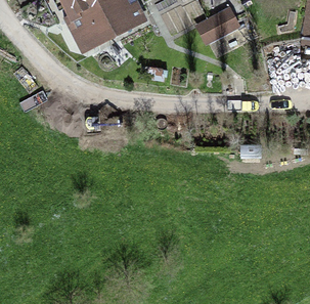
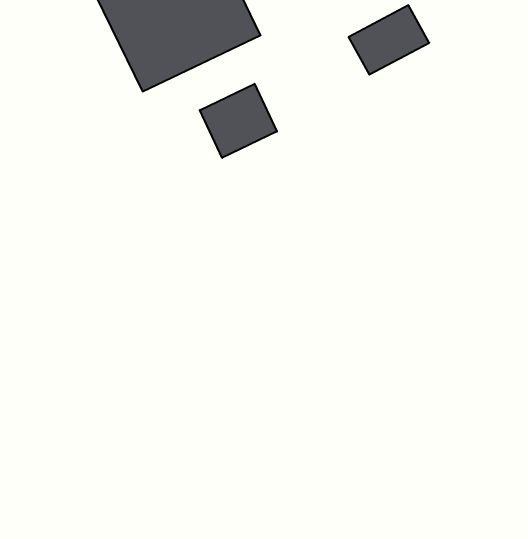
building: none -> [200,84,277,158]

